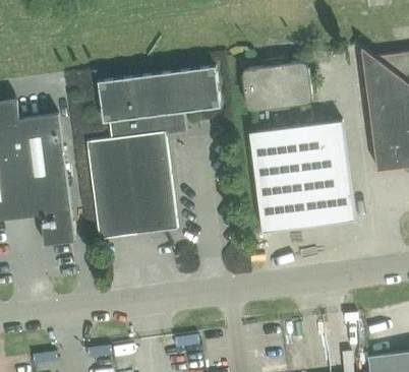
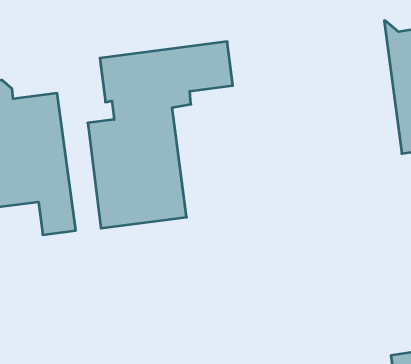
building: [242,63,312,112] -> none
building: [249,121,355,233] -> none

